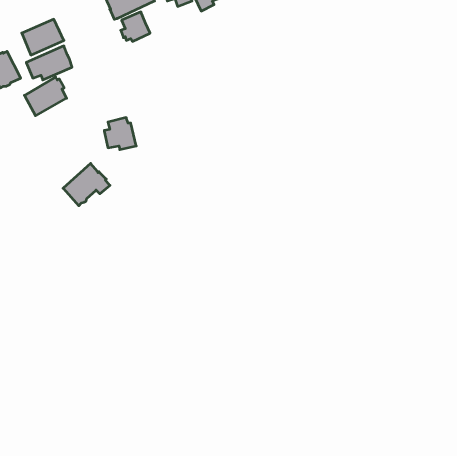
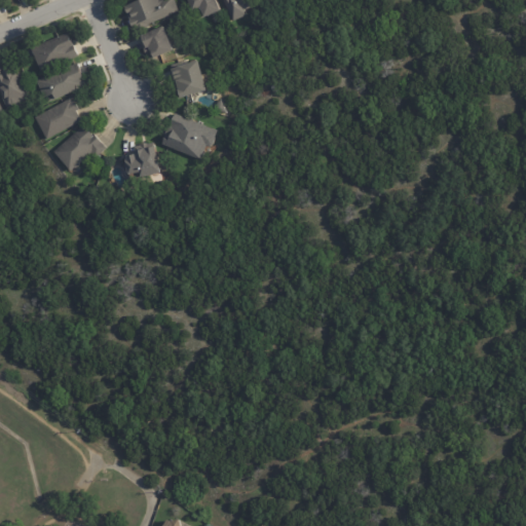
building: none -> [171,61,210,99]
building: none -> [162,113,217,160]
building: [63,163,110,206] -> [52,123,105,171]

